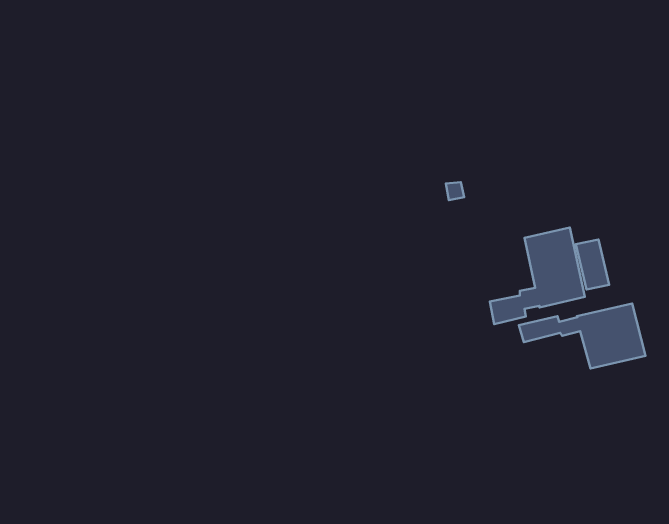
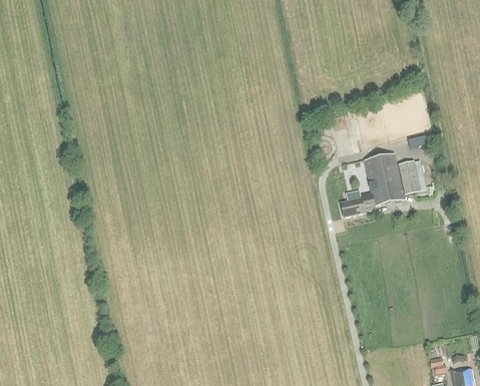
building: [519,303,646,369] -> none

